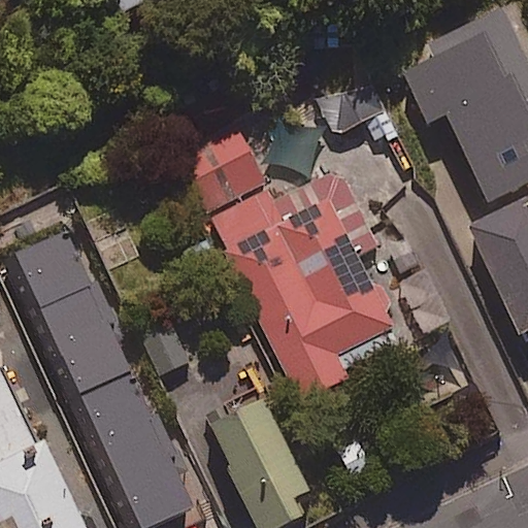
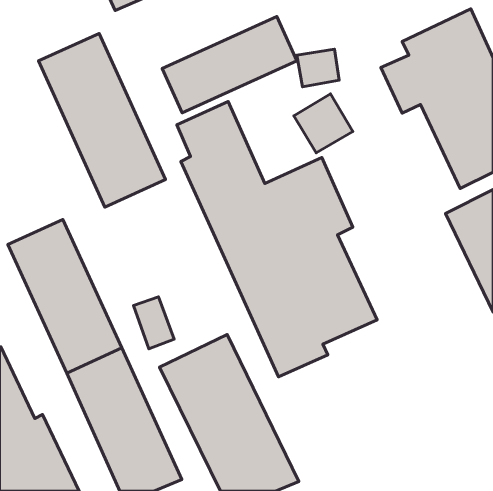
building: none -> [162,17,297,113]
building: none -> [39,33,166,207]

